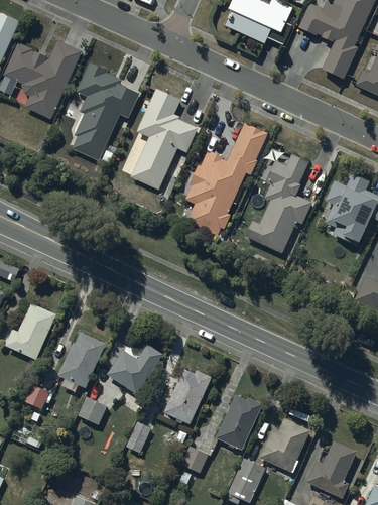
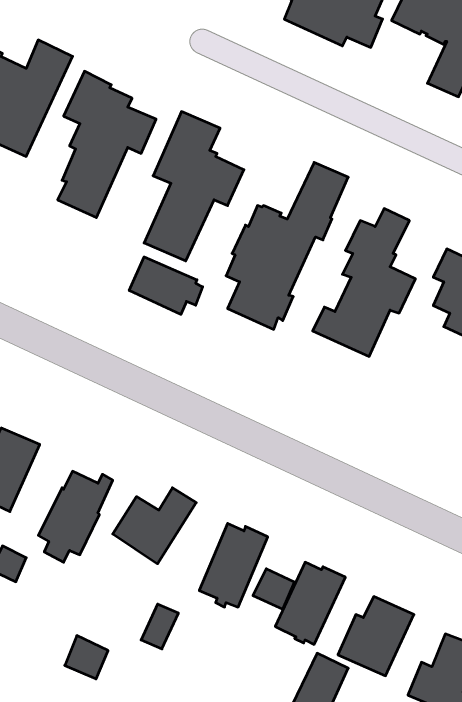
building: none -> [129,257,203,314]
building: [79,394,108,423] -> [65,636,108,679]
building: [182,445,211,472] -> [253,569,295,609]

